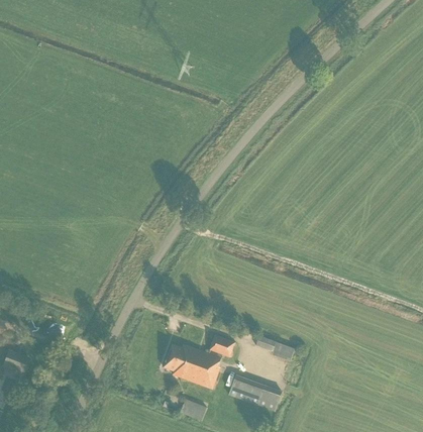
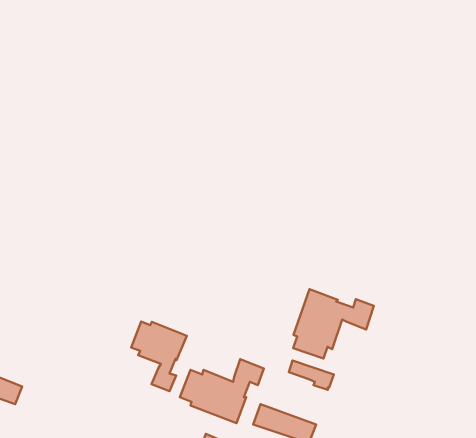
building: none -> [293,289,374,359]
building: none -> [131,322,187,391]

